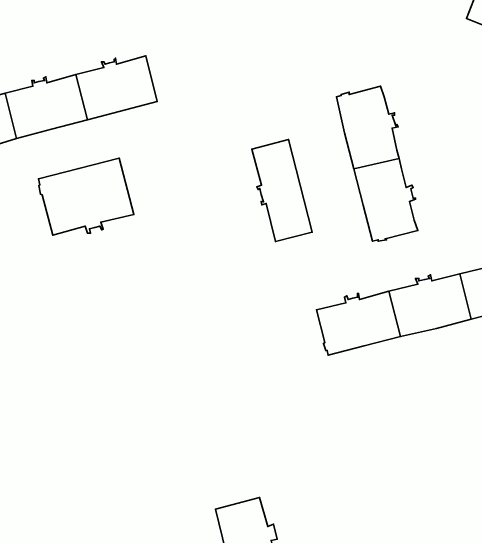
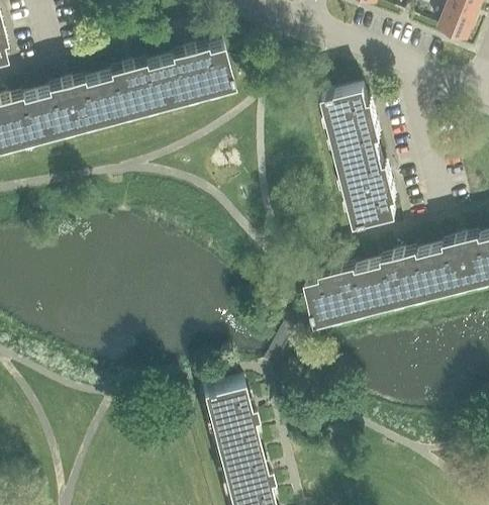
building: none -> [160,47,232,104]
building: [252,140,312,242] -> none
building: [38,158,134,235] -> none
building: none -> [203,385,259,458]

